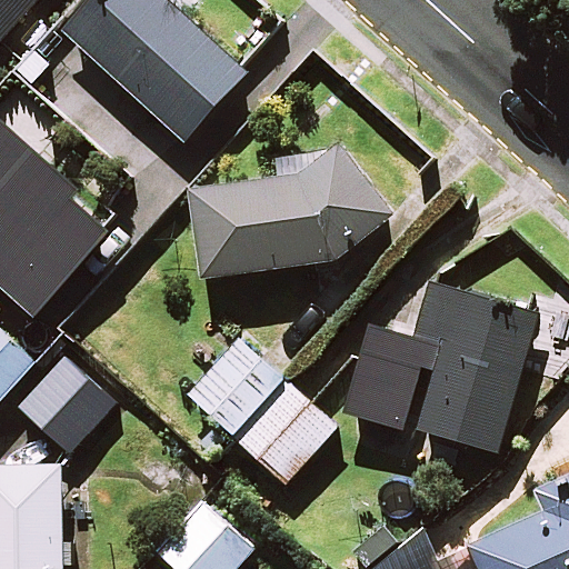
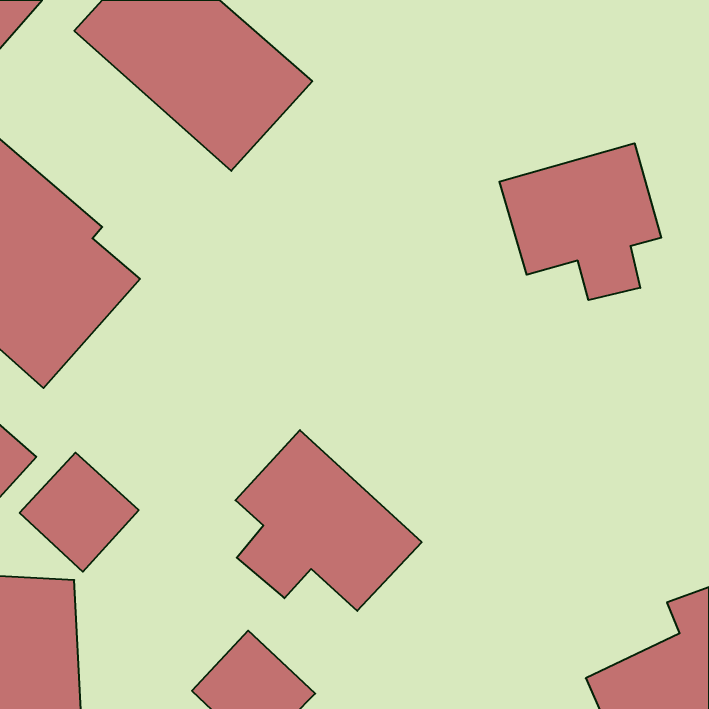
building: none -> [499,143,661,300]
building: [189,142,396,277] -> none
building: [345,281,537,451] -> none

